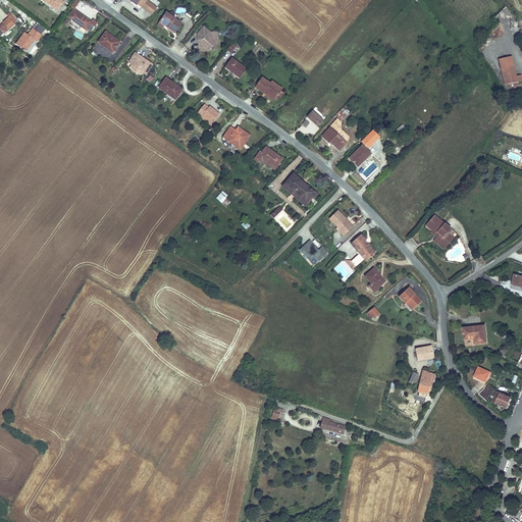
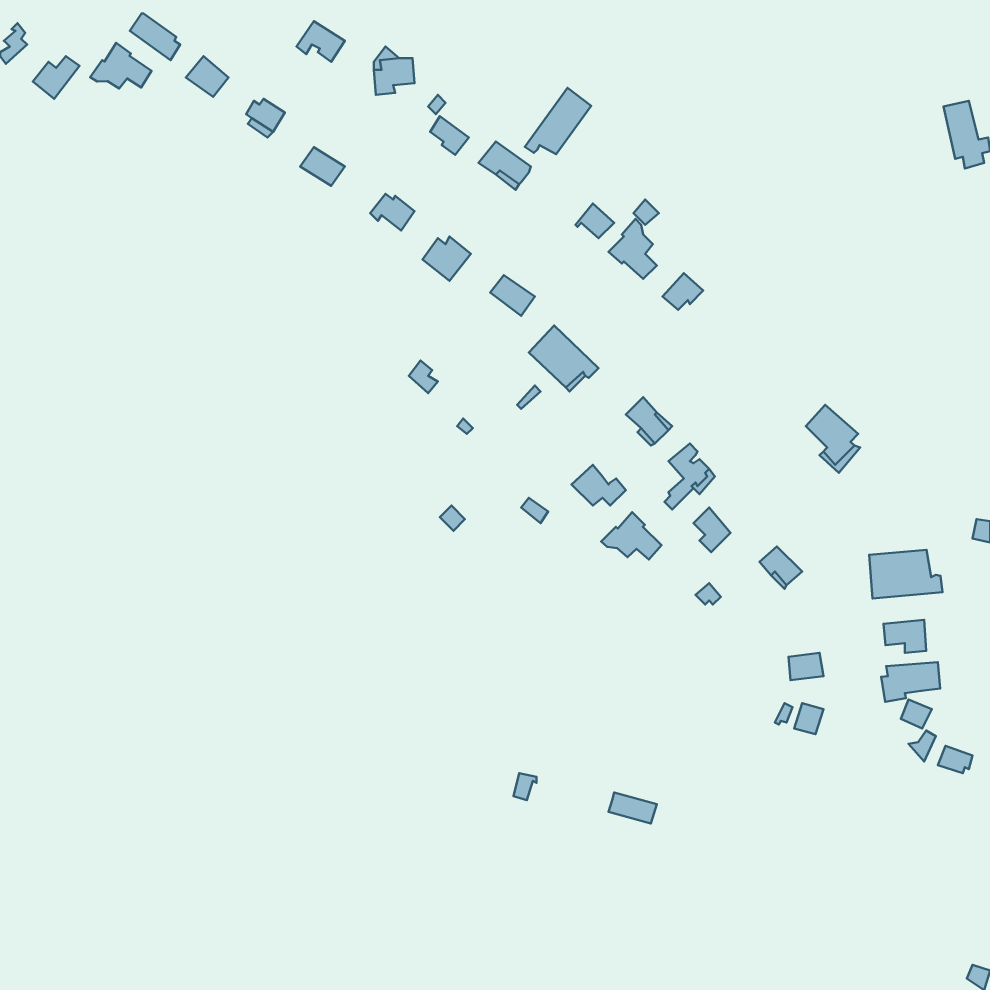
building: none -> [90,43,151,89]
building: none -> [525,88,591,154]
building: none -> [601,512,662,560]
building: none -> [869,550,942,598]
building: none -> [881,662,940,702]

